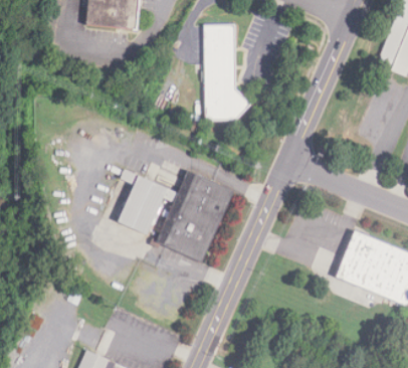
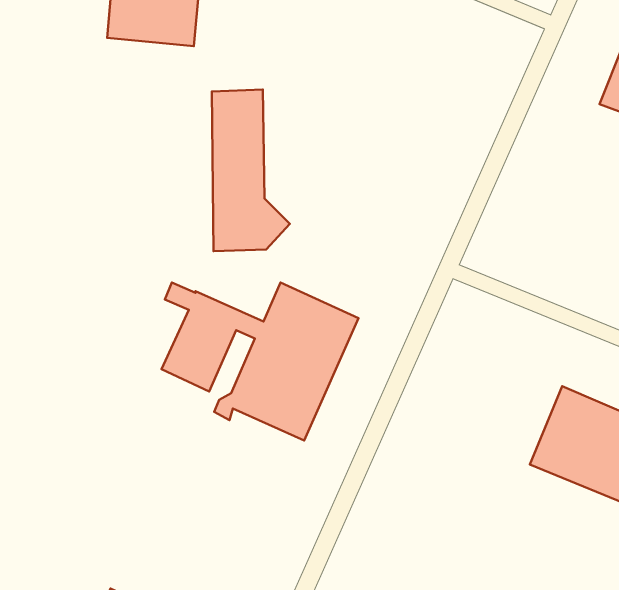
building: [204,26,250,122] -> [212,90,290,251]

